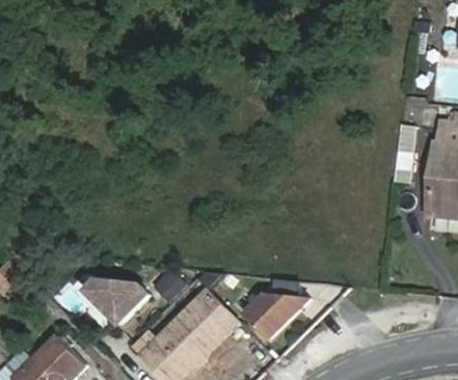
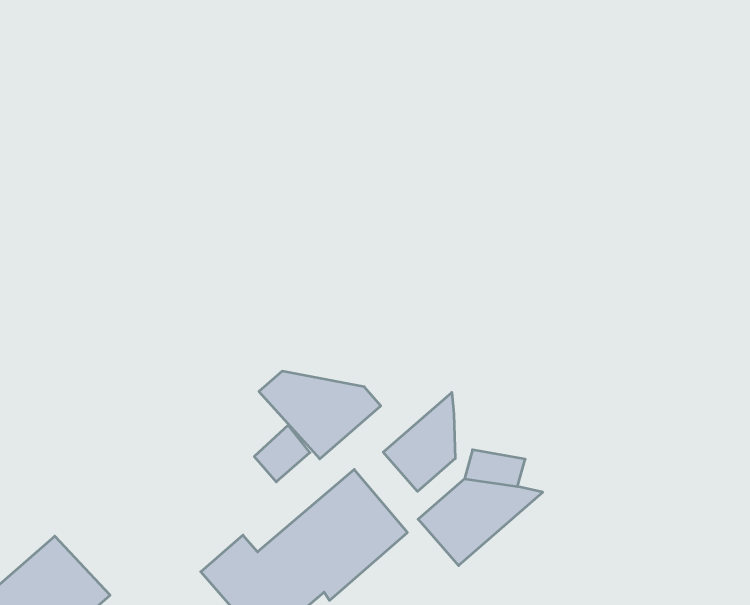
building: none -> [383,392,455,491]
building: [86,282,151,327] -> [259,371,381,459]

